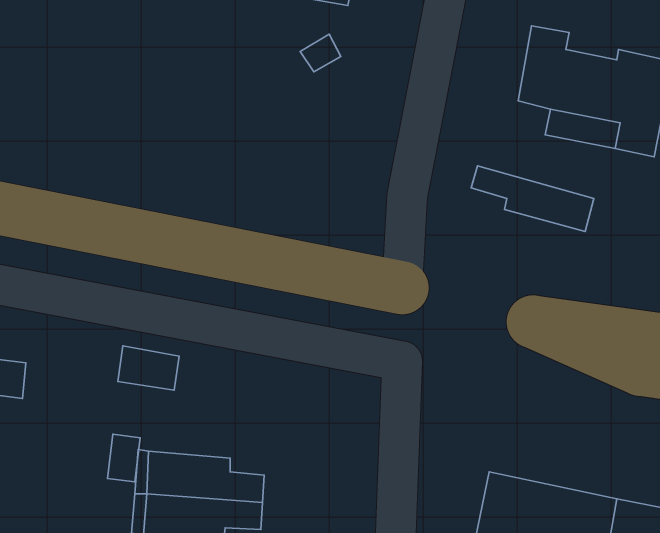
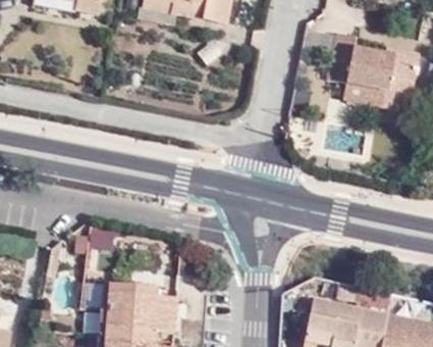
building: [471,166,594,231] -> none

